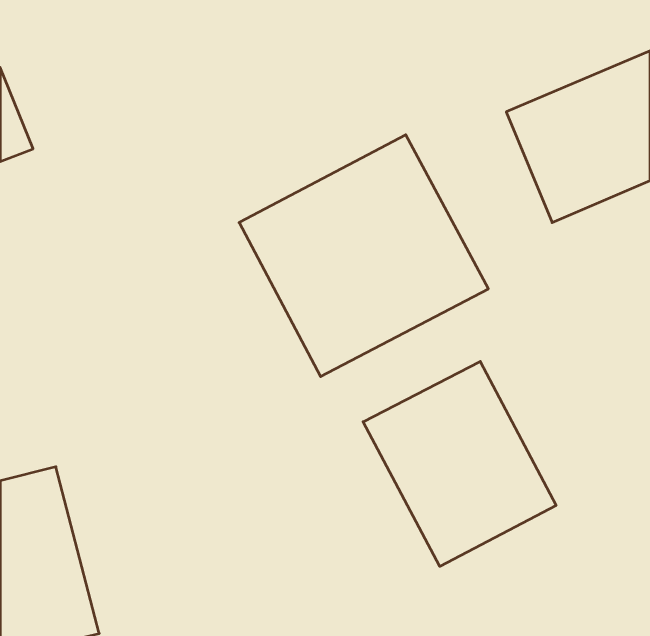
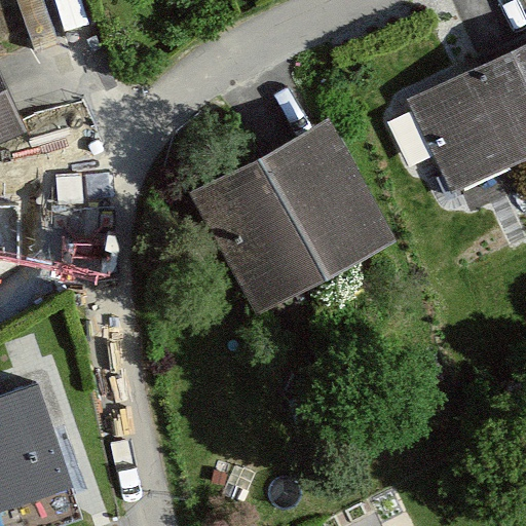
building: [363,361,556,566] -> none

